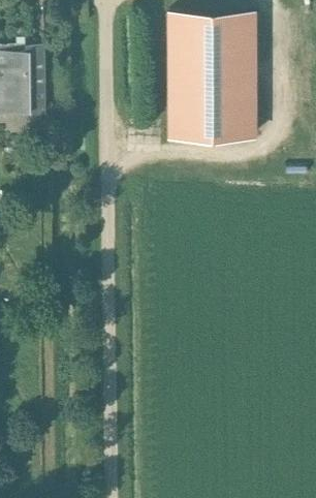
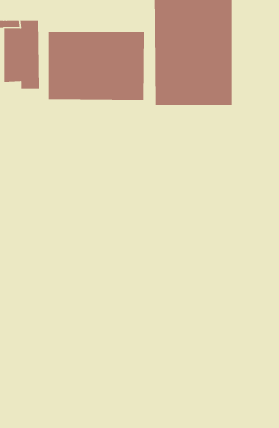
building: none -> [48,31,145,101]

